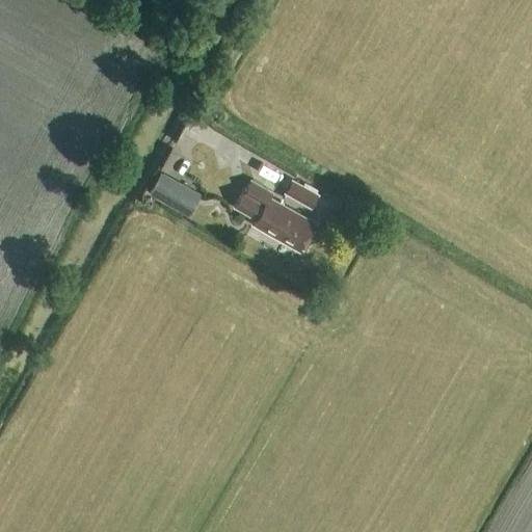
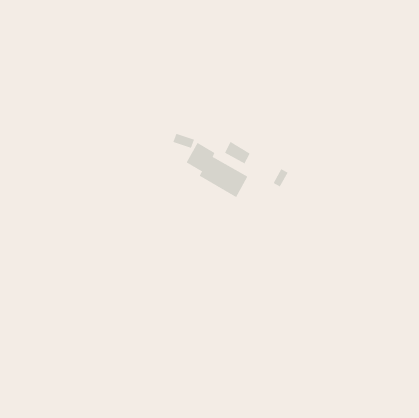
building: [149,172,202,218] -> none

